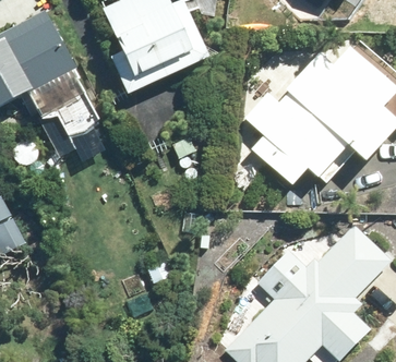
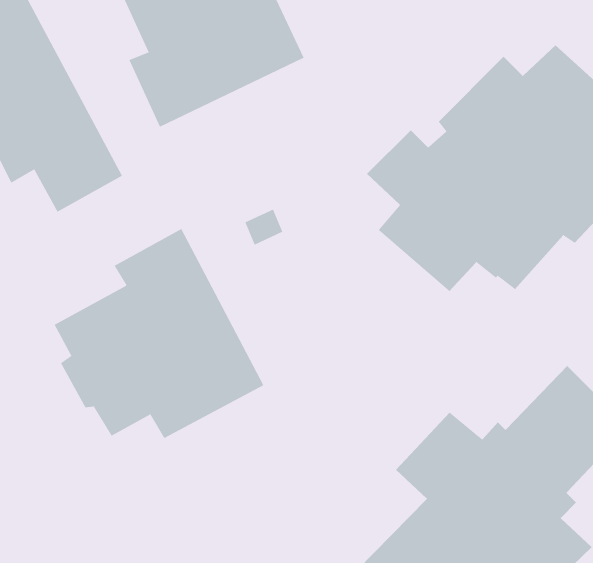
building: none -> [54,228,264,439]

